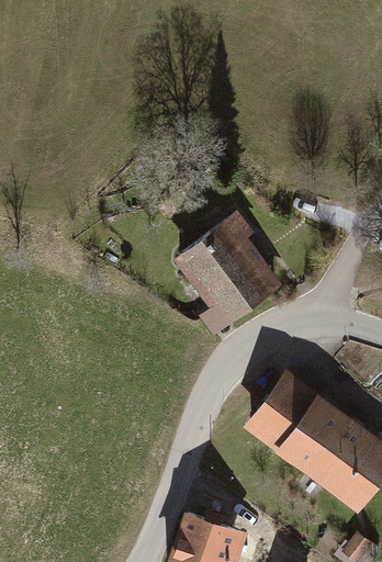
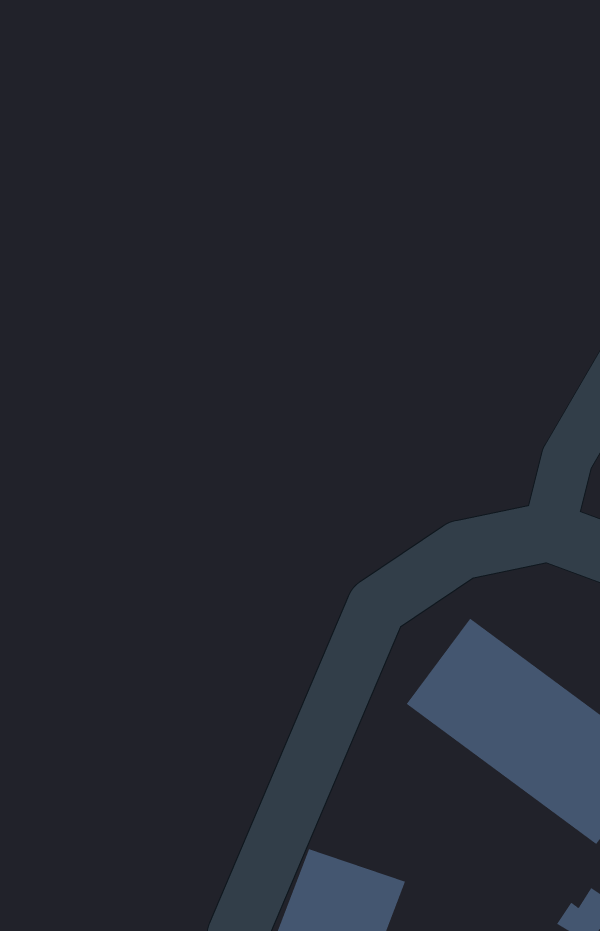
building: [173,215,281,340] -> none

